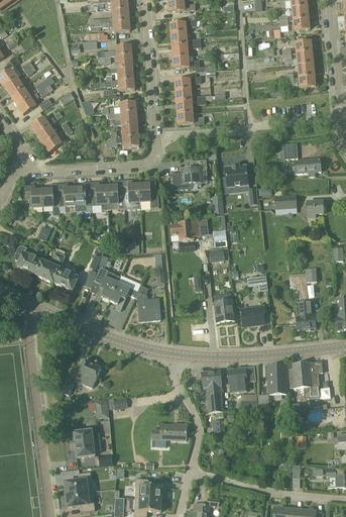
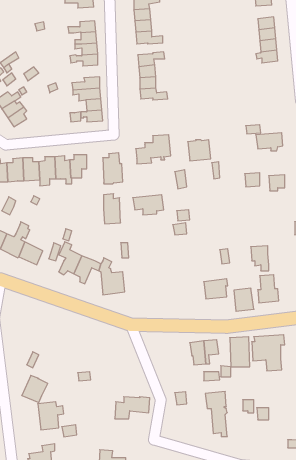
building: [122,178,139,208] -> [104,194,121,224]
building: [214,298,234,321] -> [234,288,254,311]
building: [74,358,100,386] -> [22,375,48,402]
building: [200,369,222,414] -> [205,392,227,437]

